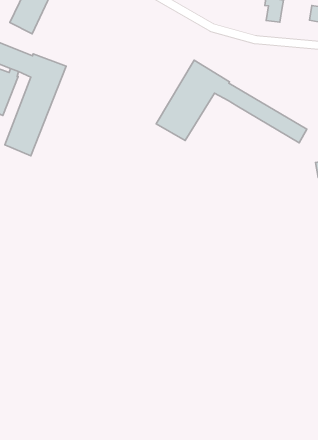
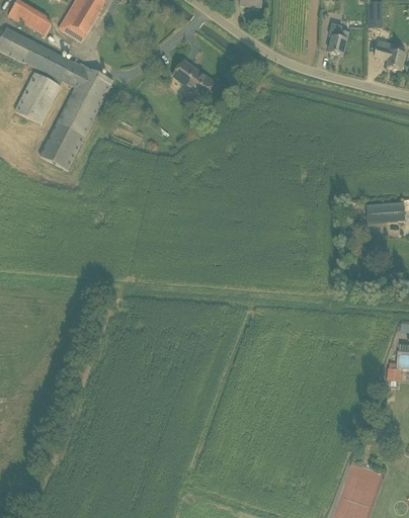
building: none -> [172,60,214,97]
building: [156,60,307,143] -> none

